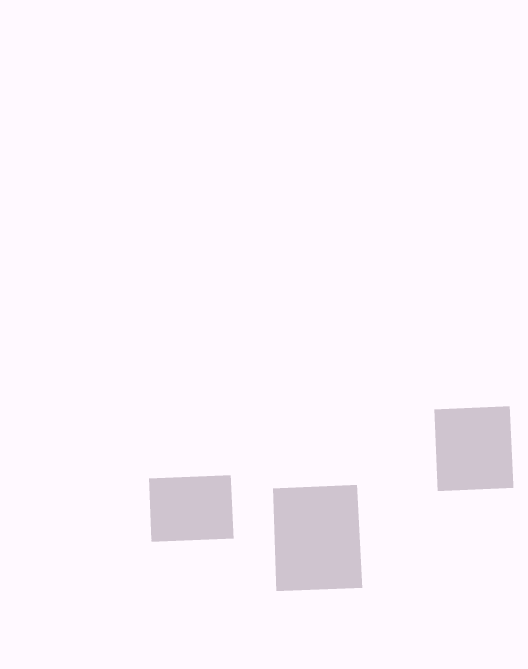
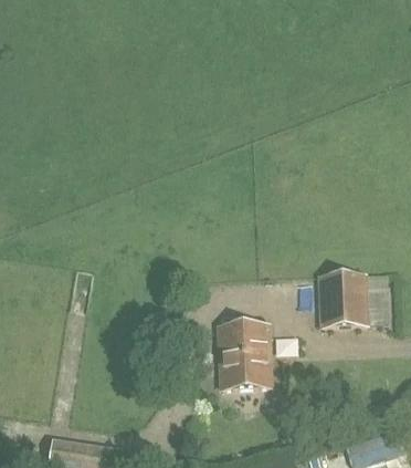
building: [149,475,234,543] -> none

